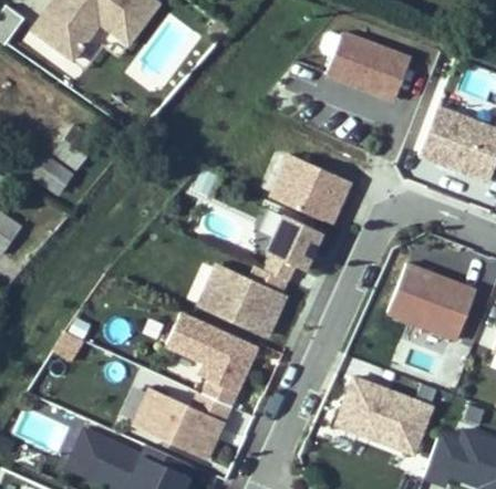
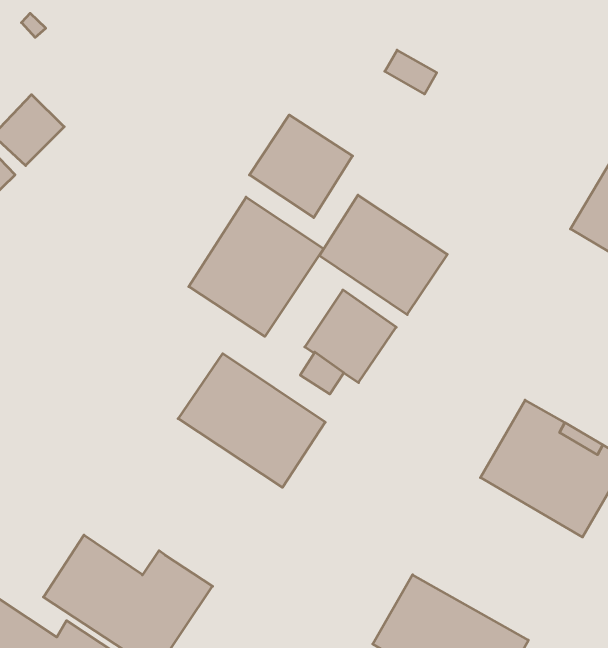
building: [327,30,411,98] -> none
building: none -> [249,115,353,218]
building: none -> [189,197,323,336]
building: [166,313,260,407] -> none

